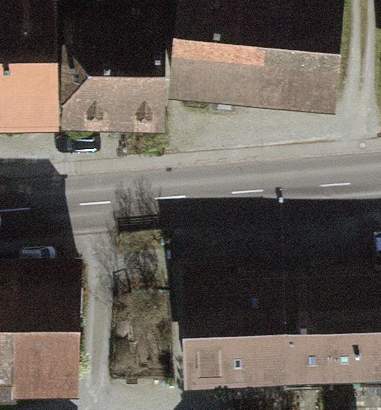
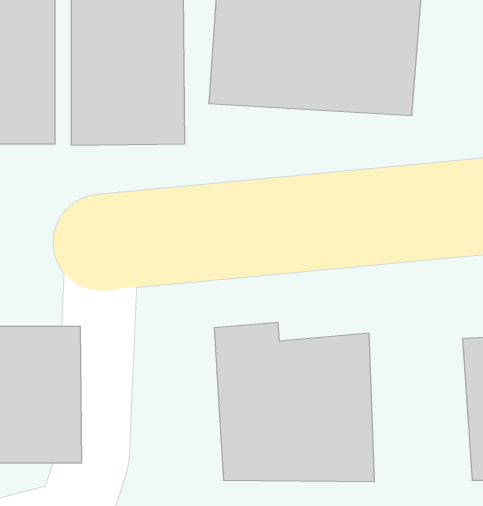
building: [295,274,372,397] -> none

